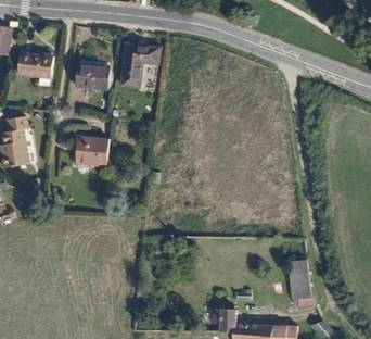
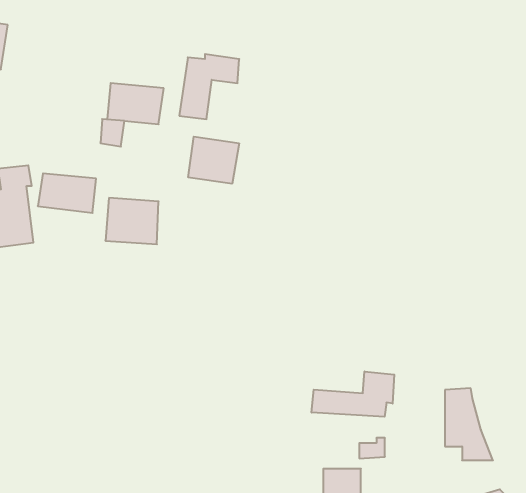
building: [16,52,53,77] -> [38,173,96,213]
building: none -> [188,137,239,184]
building: none -> [312,371,394,417]

